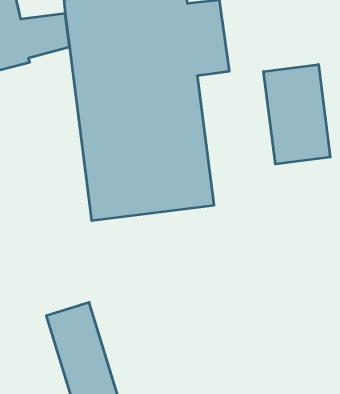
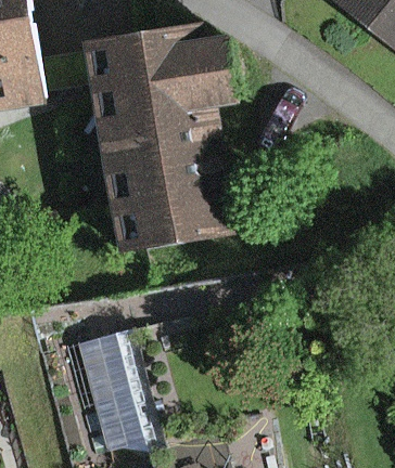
building: [264,64,330,164] -> none

